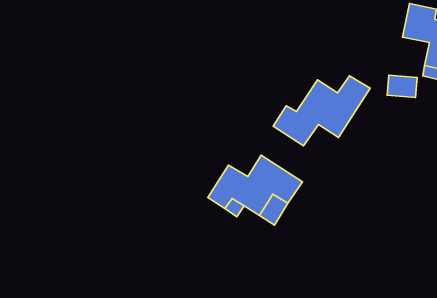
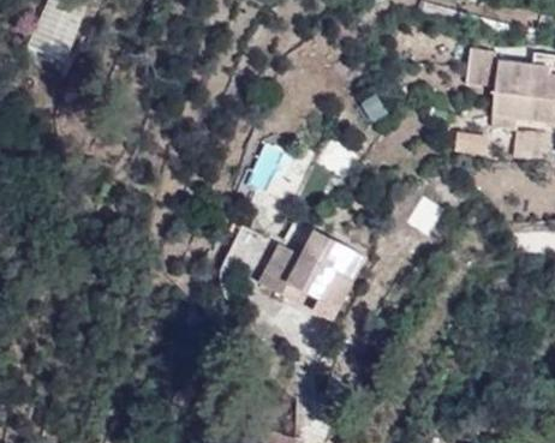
building: [273,76,370,146] -> none

